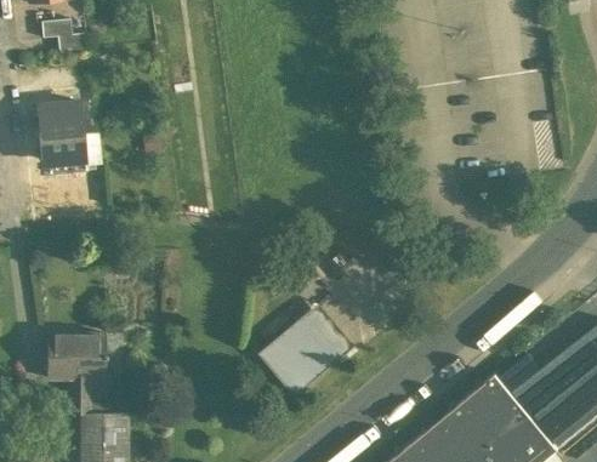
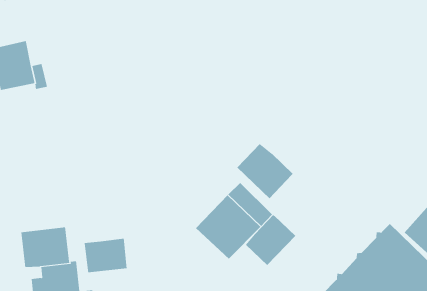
building: none -> [236,143,294,199]
building: none -> [245,214,296,266]
building: none -> [84,238,127,273]

